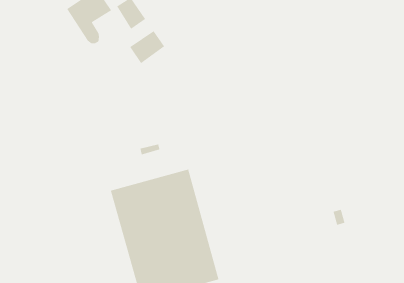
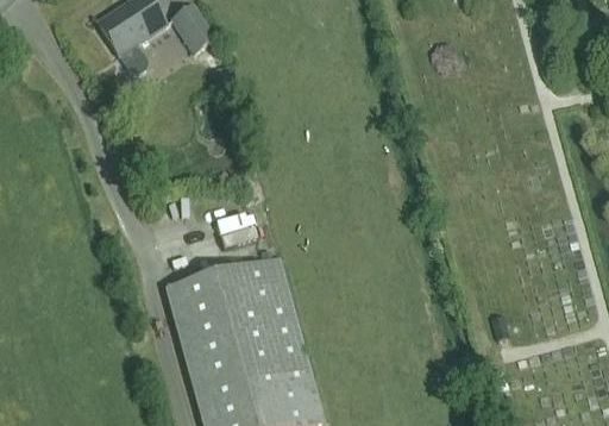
building: [129,30,165,64] -> none

